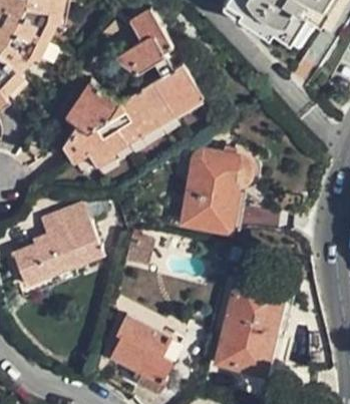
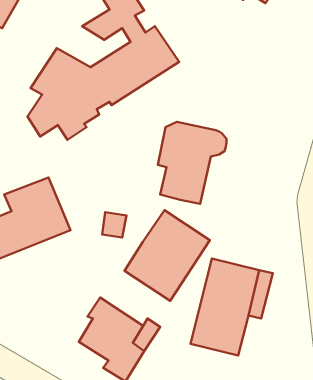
building: none -> [125,210,210,301]

